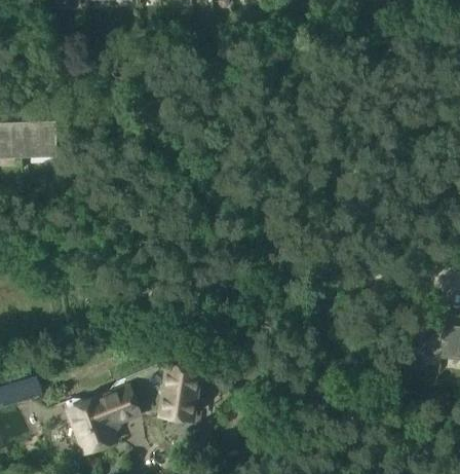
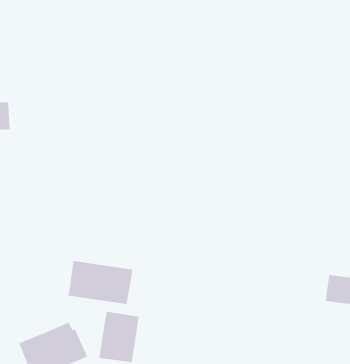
building: none -> [68,260,133,305]

